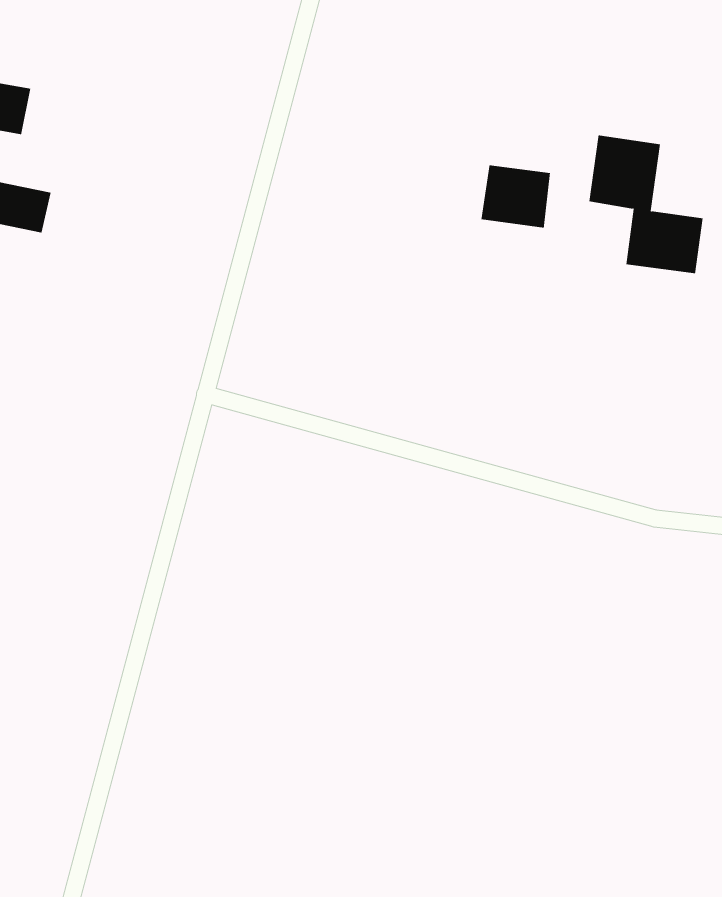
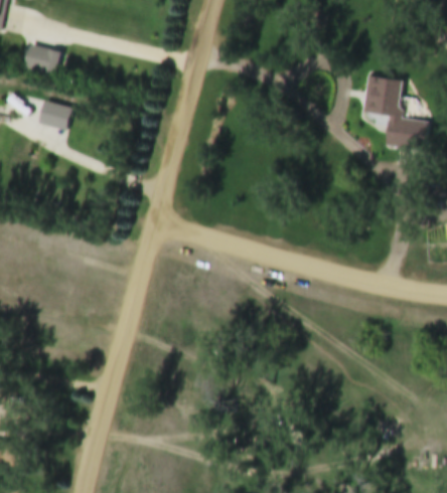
building: [481,165,551,228] -> none

